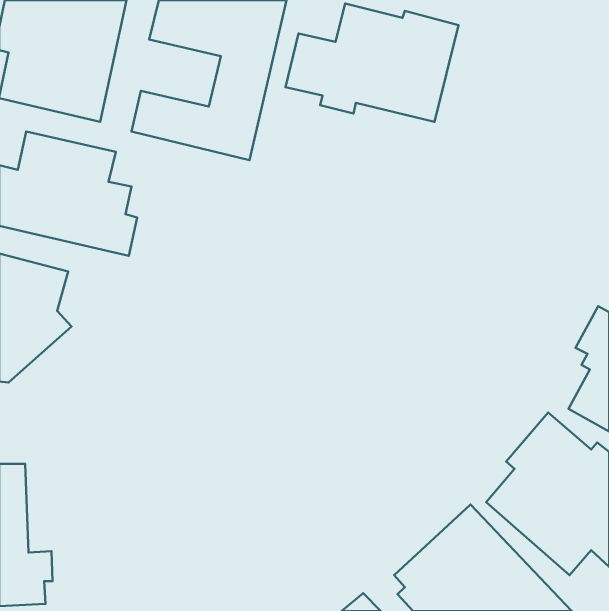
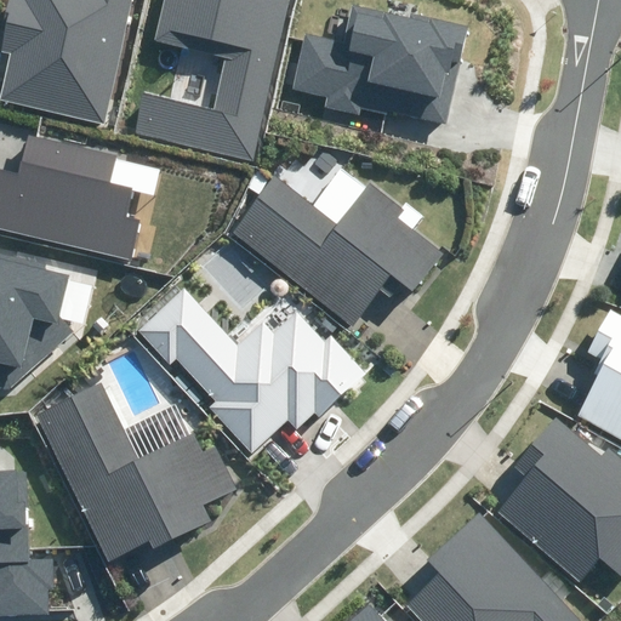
building: none -> [232,176,445,320]
building: none -> [138,289,364,454]
building: none -> [36,384,234,562]

